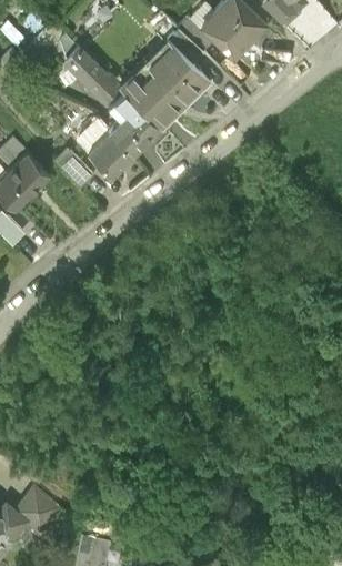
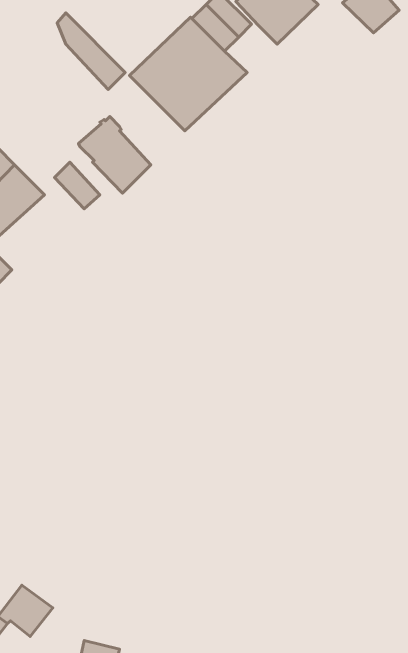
building: [101,84,162,156] -> none

